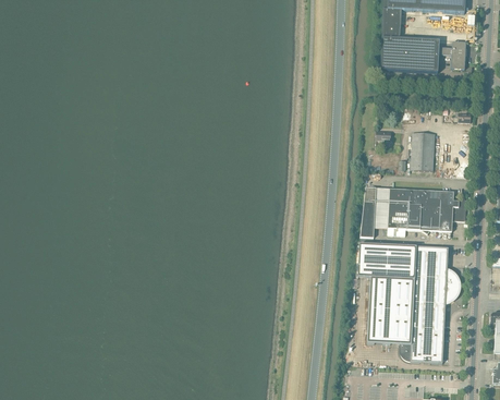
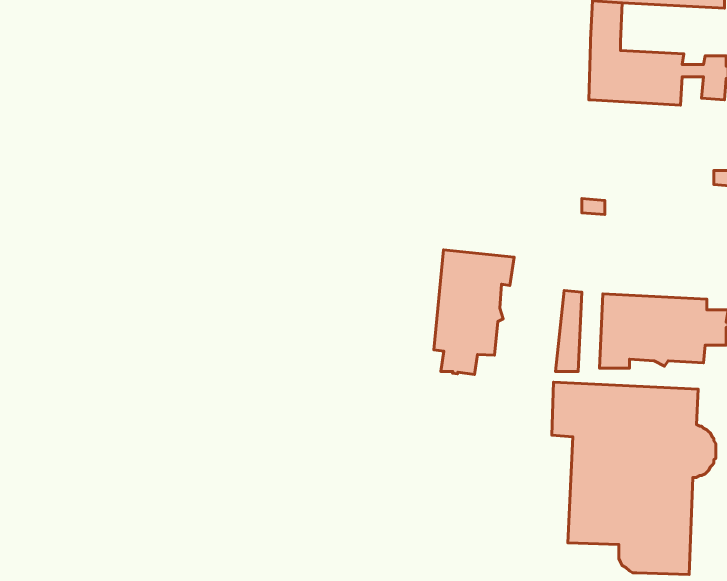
building: [411,132,436,170] -> none
building: none -> [434,250,514,375]

